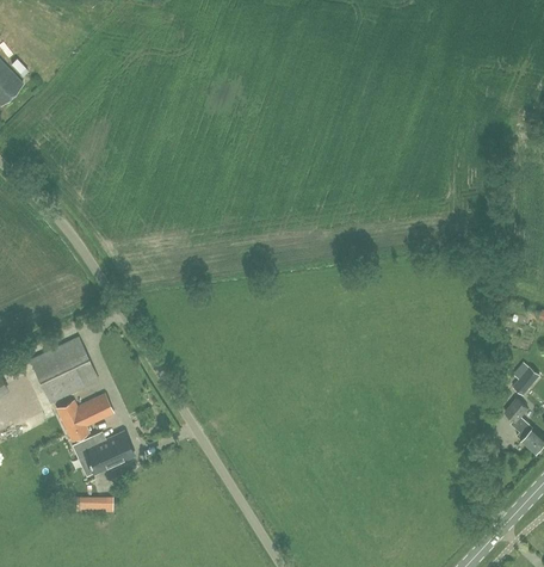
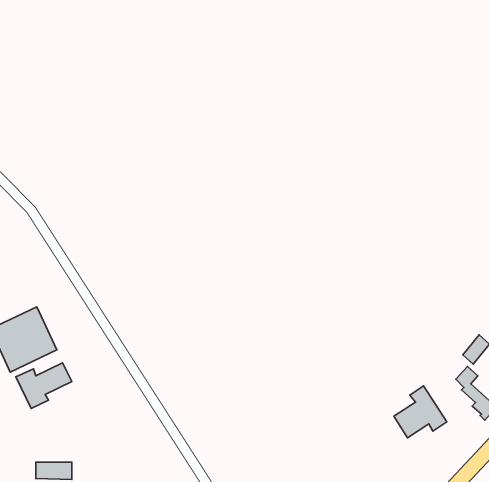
building: none -> [394,386,447,438]
building: [72,432,134,472] -> none

